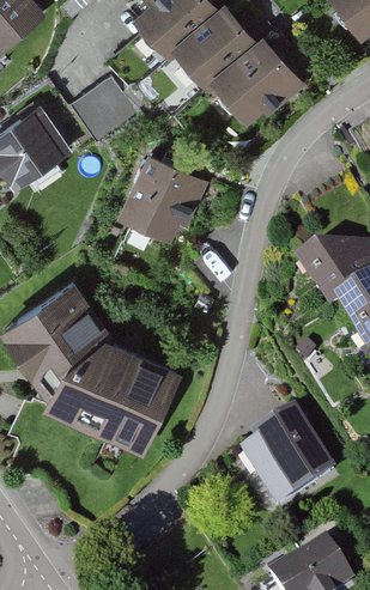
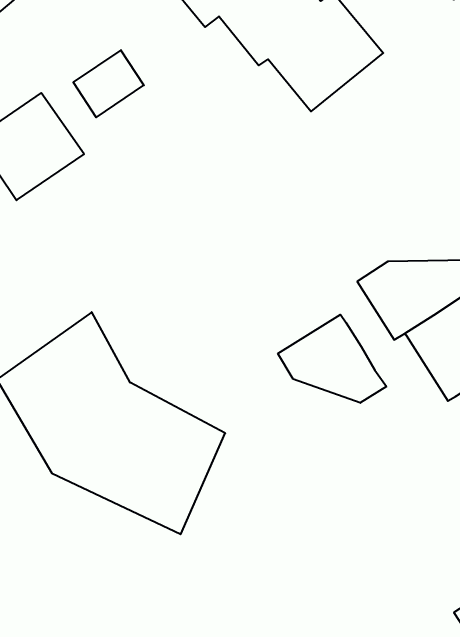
building: [128,152,210,236] -> none
building: none -> [278,315,386,403]
building: [250,410,339,509] -> none

